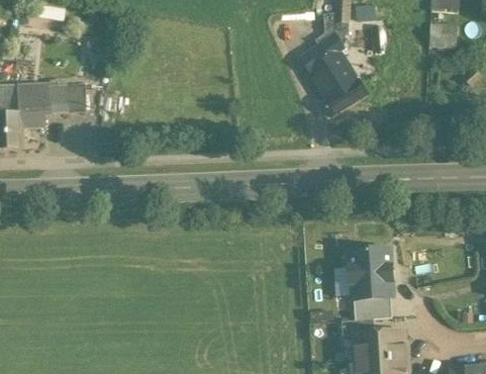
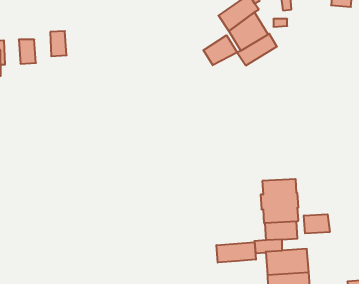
building: none -> [203,35,237,65]
building: [47,84,67,113] -> [50,31,67,56]
building: none -> [304,214,330,233]
building: none -> [216,242,256,263]

